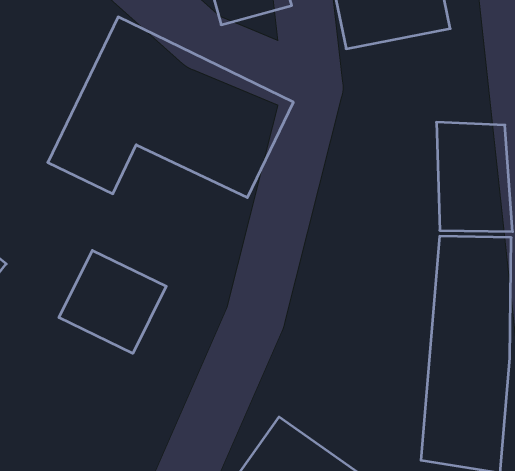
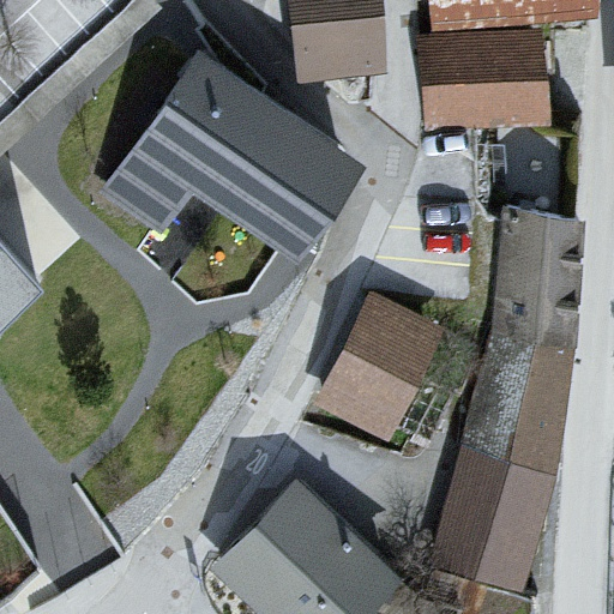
building: none -> [324,300,437,431]
building: [59,250,166,353] -> none

